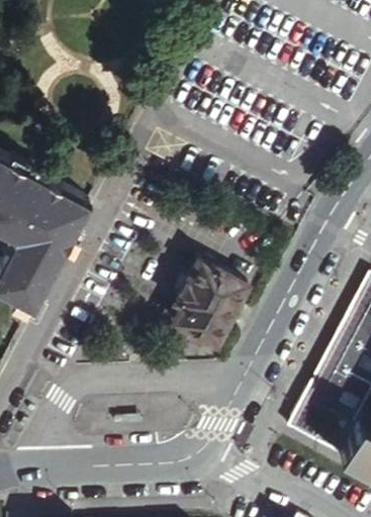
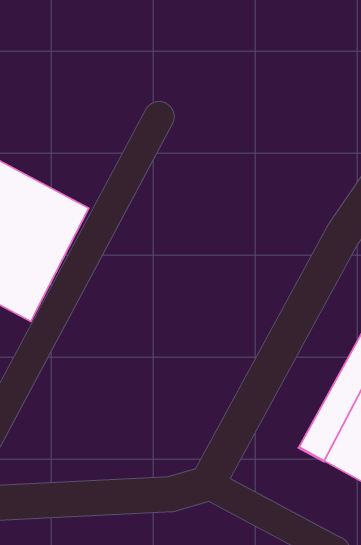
building: [176,256,249,343] -> none

